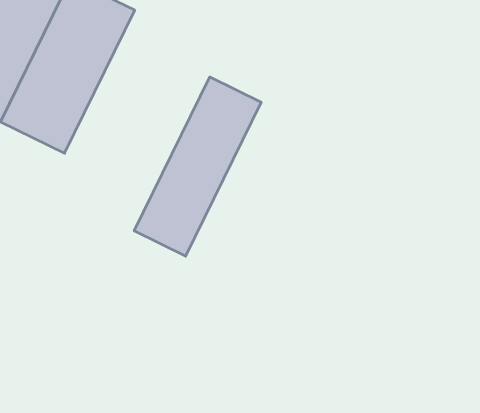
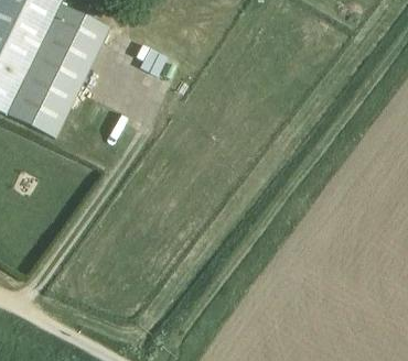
building: [134,77,261,256] -> none

